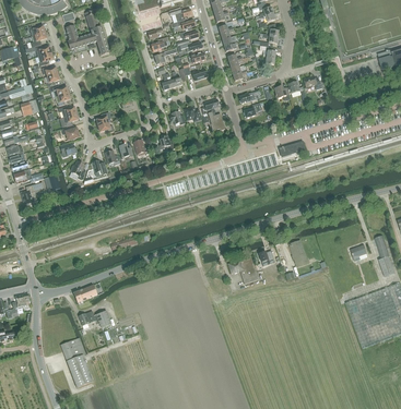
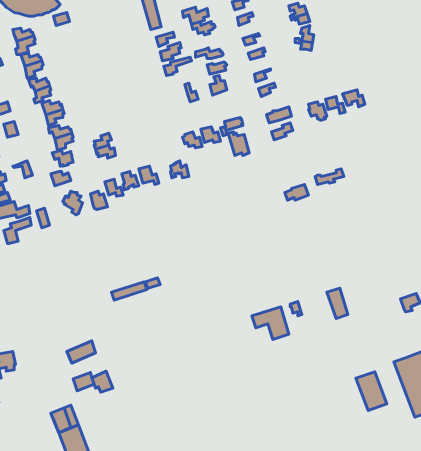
building: [66,11,109,56] -> none
building: none -> [356,372,387,410]

